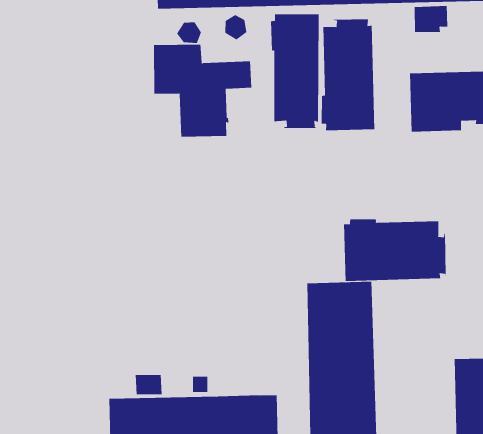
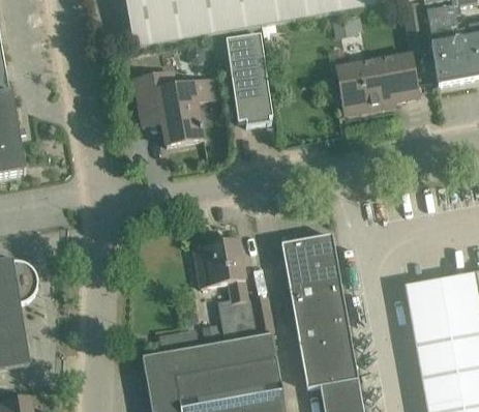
building: [321,19,375,131] -> none
building: [343,219,446,282] -> none
building: none -> [193,237,274,341]

